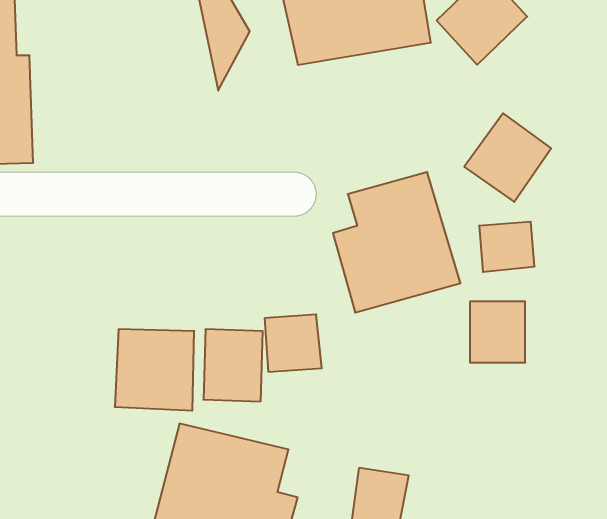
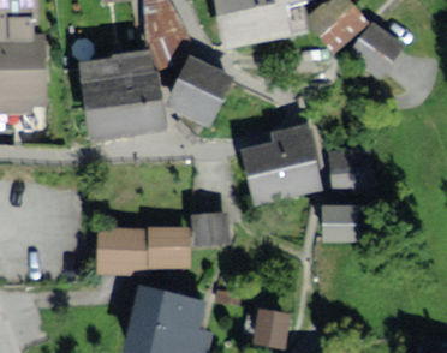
building: none -> [72,50,157,130]
building: none -> [166,56,232,125]
building: [464,113,551,202] -> [351,20,407,78]

